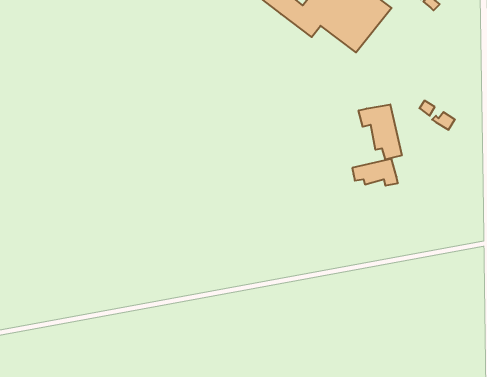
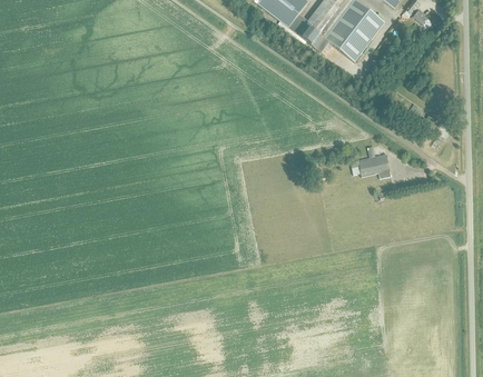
building: [359,104,402,160] -> none

